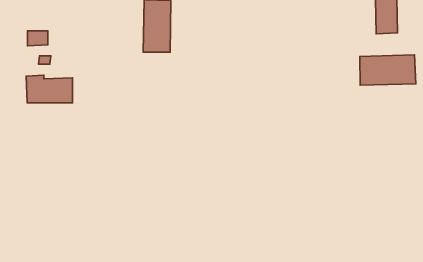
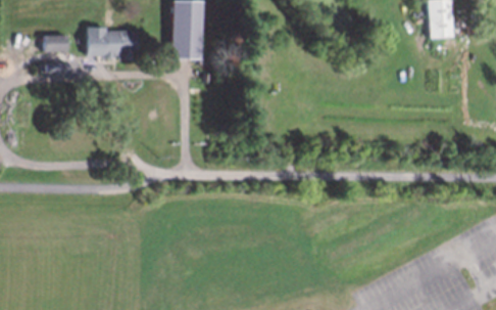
building: [360,55,416,85] -> none
building: [26,75,72,103] -> [87,27,138,57]

